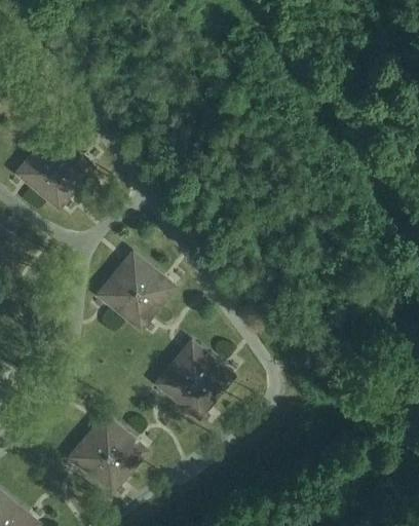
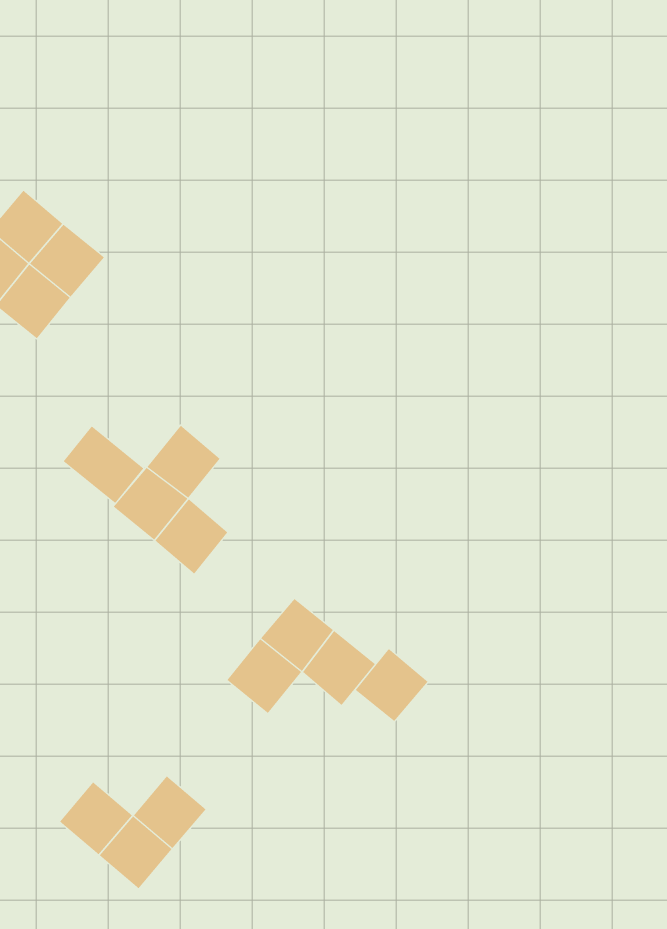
building: none -> [63,426,144,504]
building: [136,269,174,307] -> none
building: [177,379,215,417] -> [355,648,428,722]
building: [86,415,124,453] -> none

